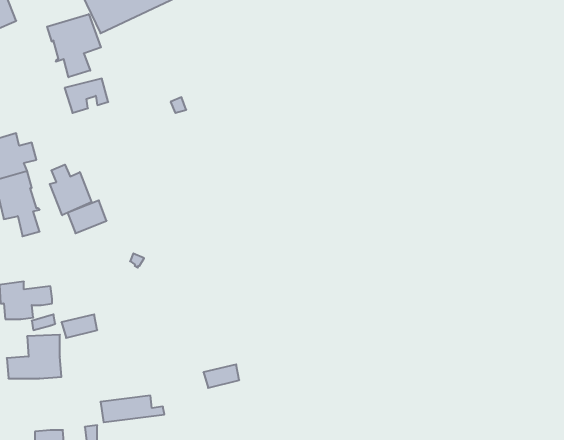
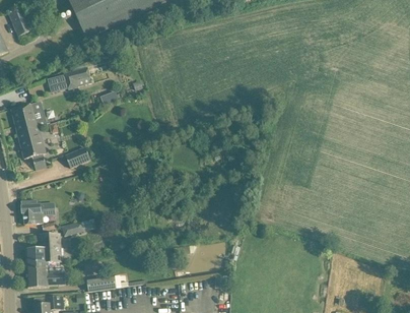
building: [47,14,101,77] -> none
building: [50,165,91,215] -> none
building: none -> [25,262,64,287]

